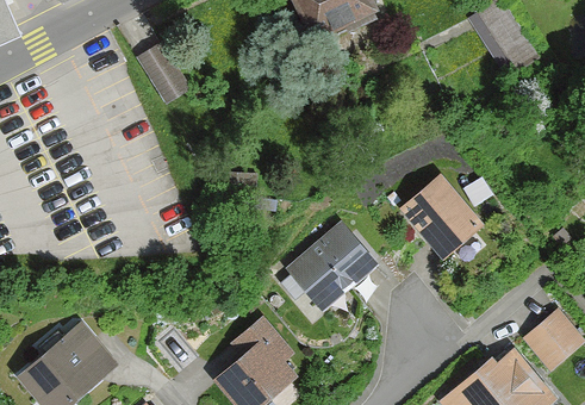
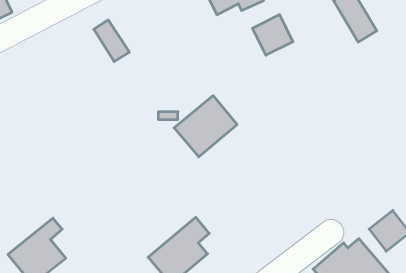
building: none -> [253,15,293,55]
building: [398,175,478,255] -> none
building: [287,220,375,306] -> [174,96,237,157]

